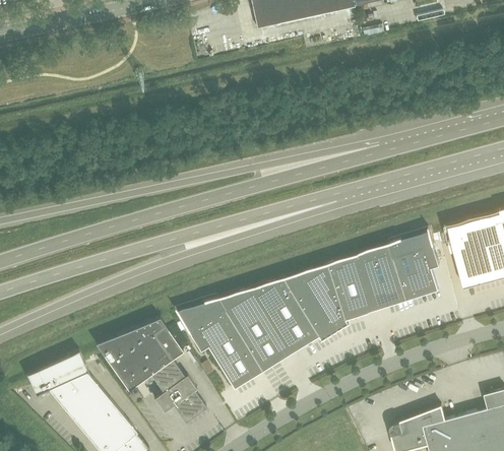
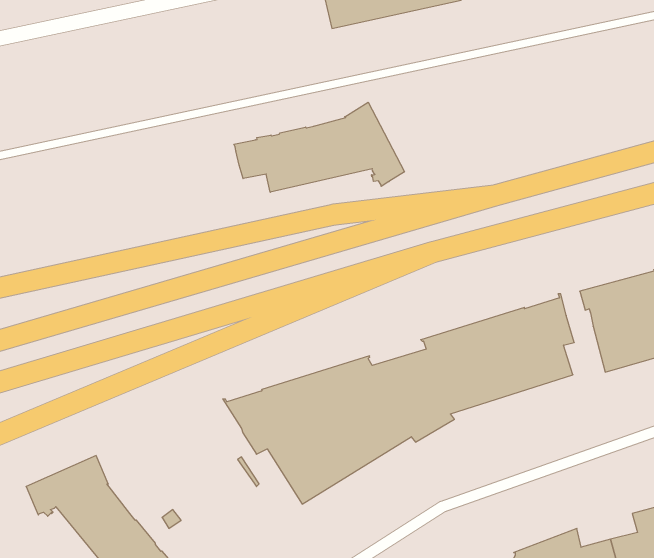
building: none -> [234,102,404,192]
building: [96,318,206,423] -> none

